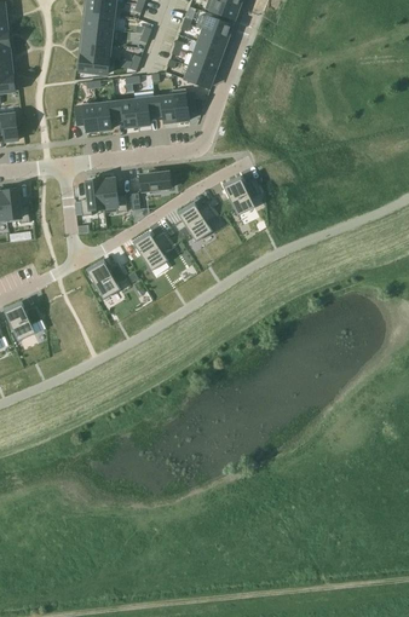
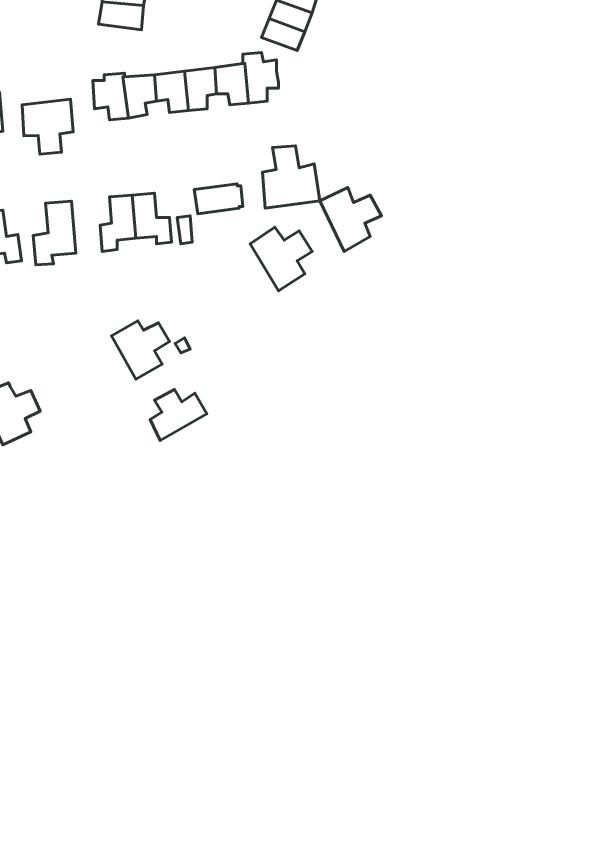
building: none -> [22,99,73,154]
building: none -> [262,146,320,208]
building: none -> [33,201,76,265]
building: [132,231,172,271] -> none
building: none -> [150,390,207,441]

